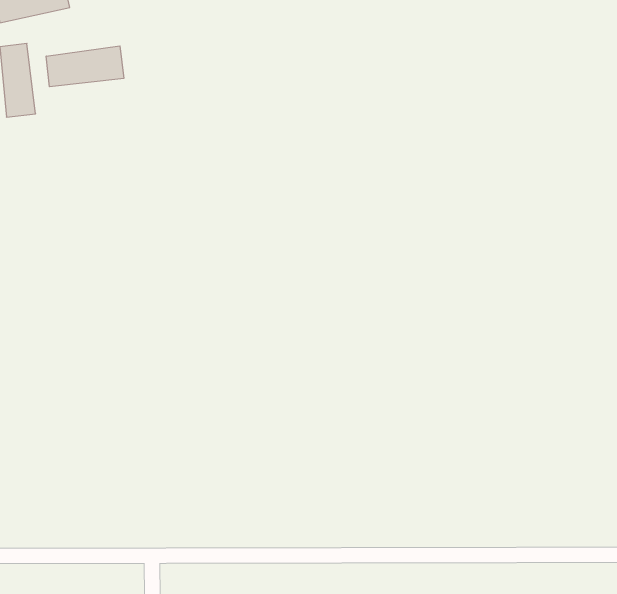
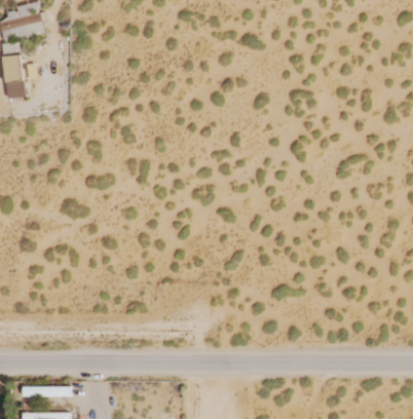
building: [46,46,124,87] -> none

